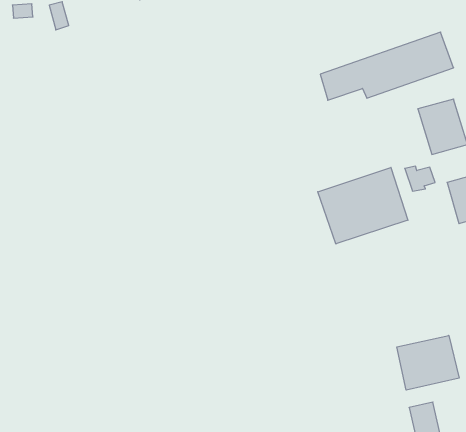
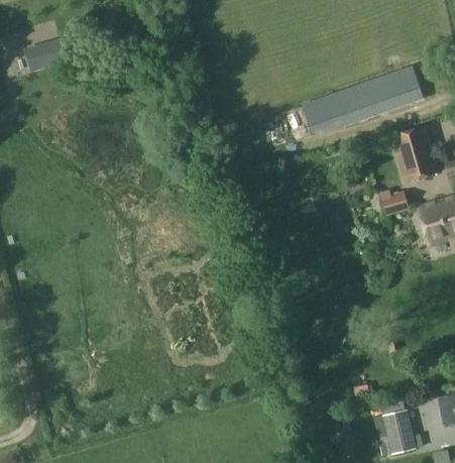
building: [318,167,408,244] -> none
building: [397,335,459,390] -> none

